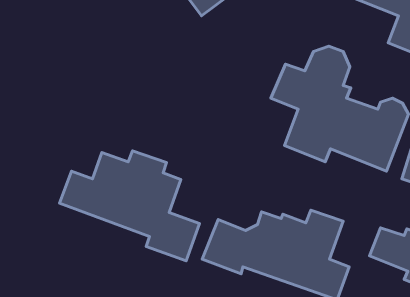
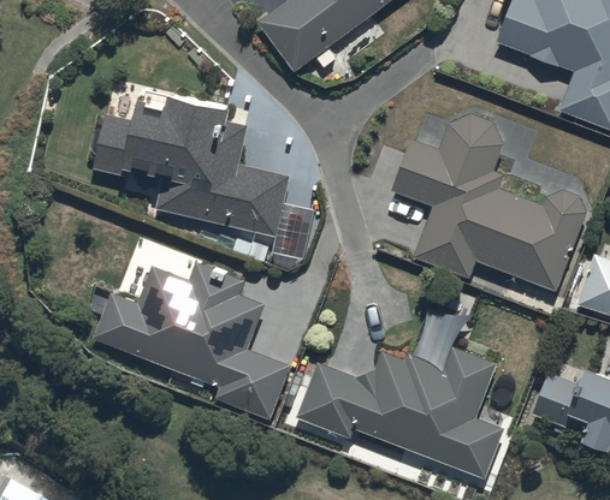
building: none -> [90,99,314,260]

